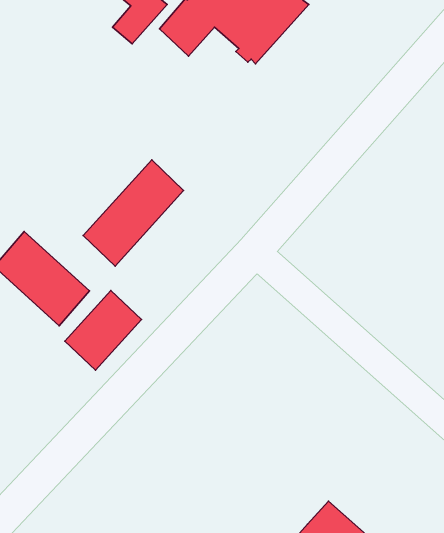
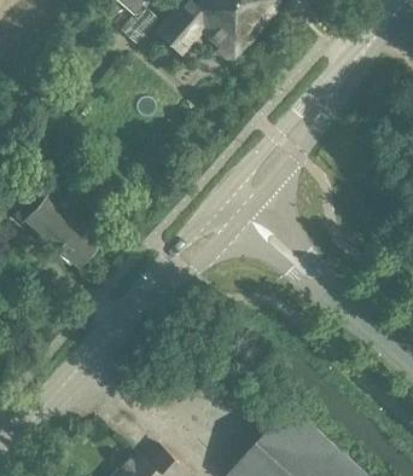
building: [83,160,184,266] -> none
building: [65,290,142,370] -> none

